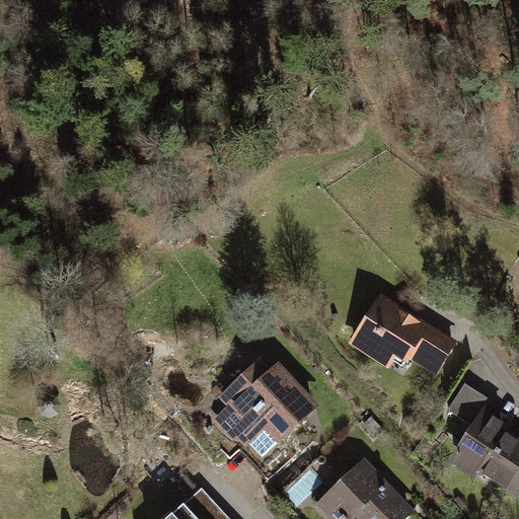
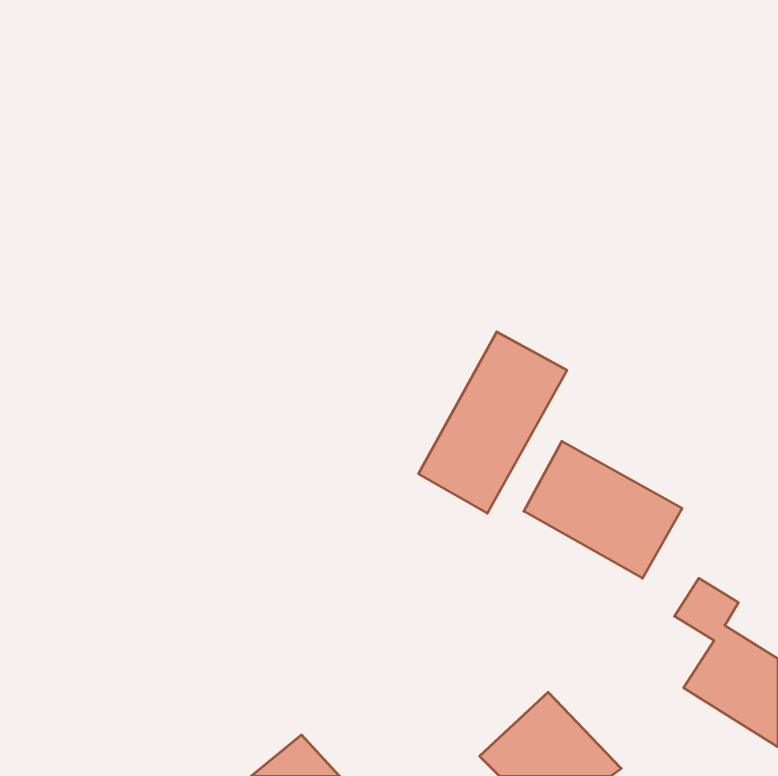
building: none -> [419,332,567,513]
building: [207,352,321,466] -> none

